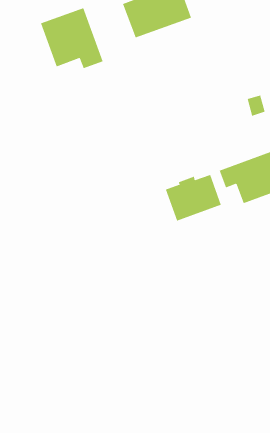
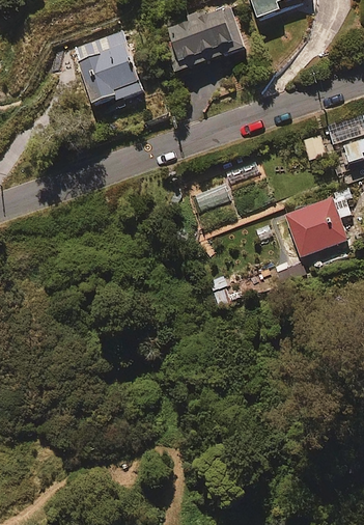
building: [165,174,221,221] -> none

